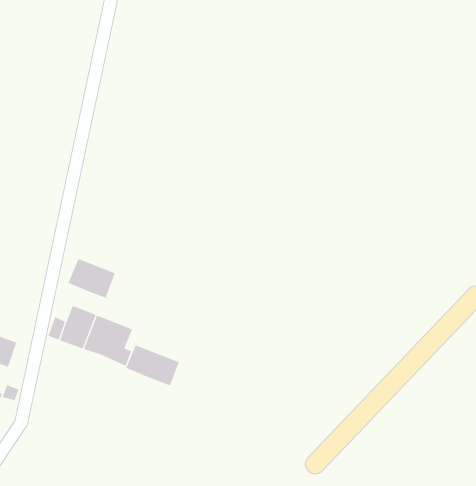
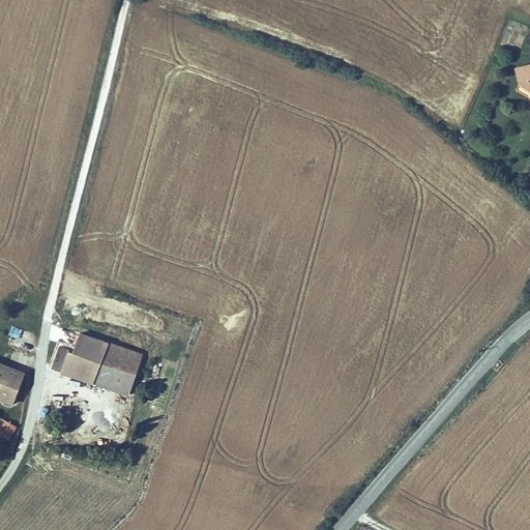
building: [68,258,115,298] -> none
building: [125,344,179,386] -> none

